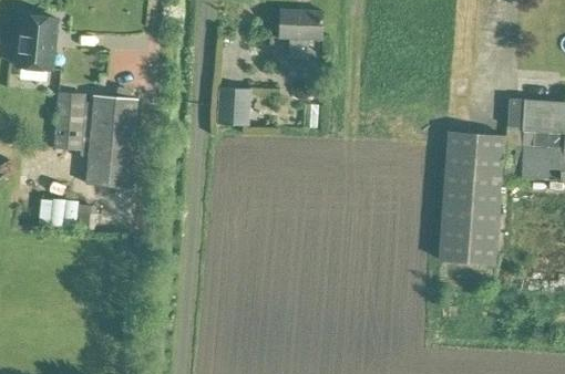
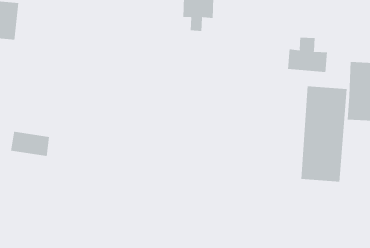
building: none -> [288,37,328,73]
building: [217,87,253,126] -> none
building: [53,92,137,187] -> none

